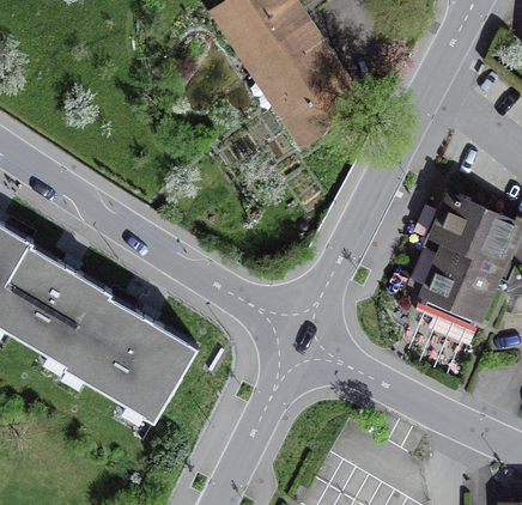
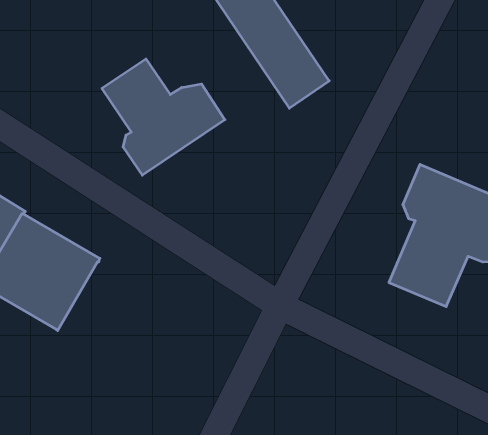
building: none -> [102,59,225,175]
building: [61,294,195,421] -> none

